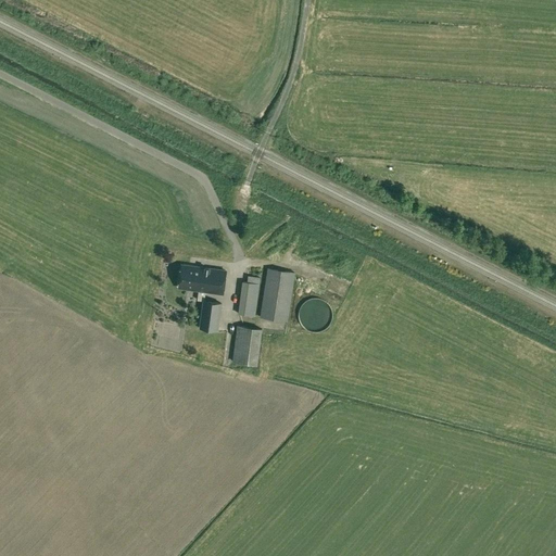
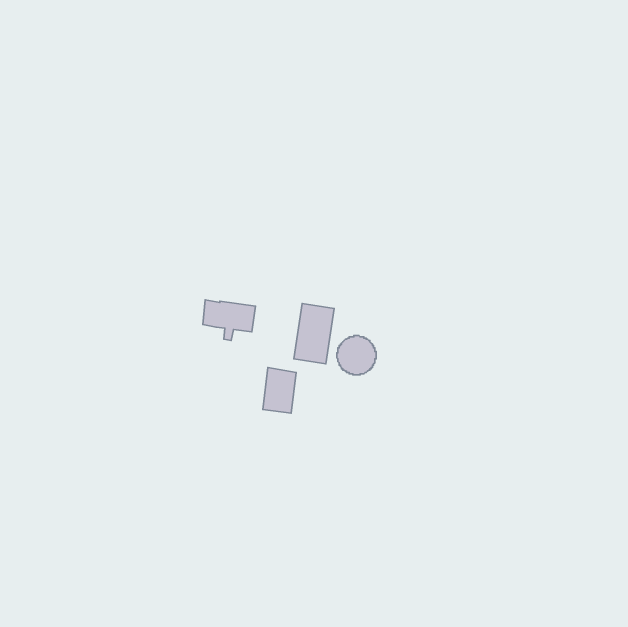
building: [238,282,260,317] -> none
building: [200,302,222,331] -> none

